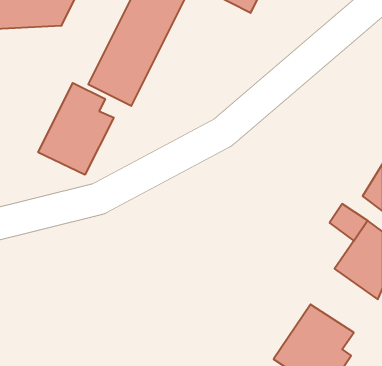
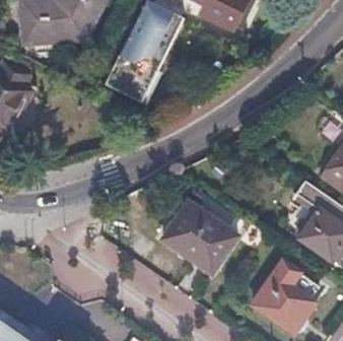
building: [38,83,114,175] -> none
building: none -> [163,204,235,273]

